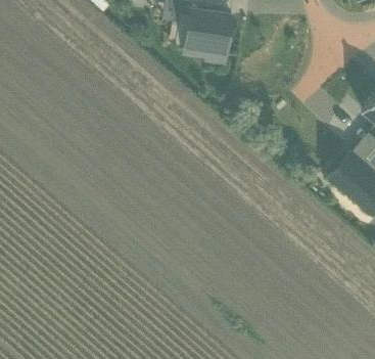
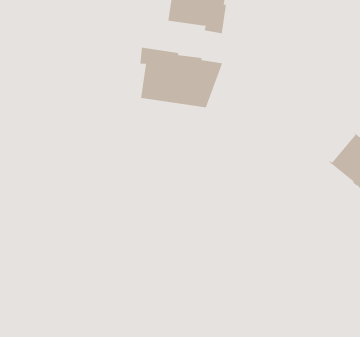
building: none -> [140,47,223,108]

